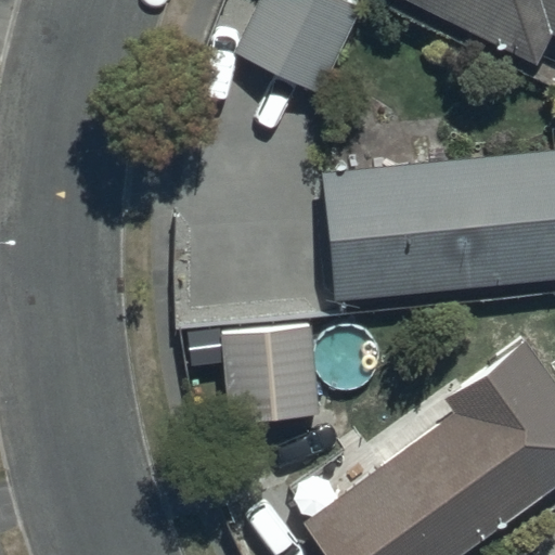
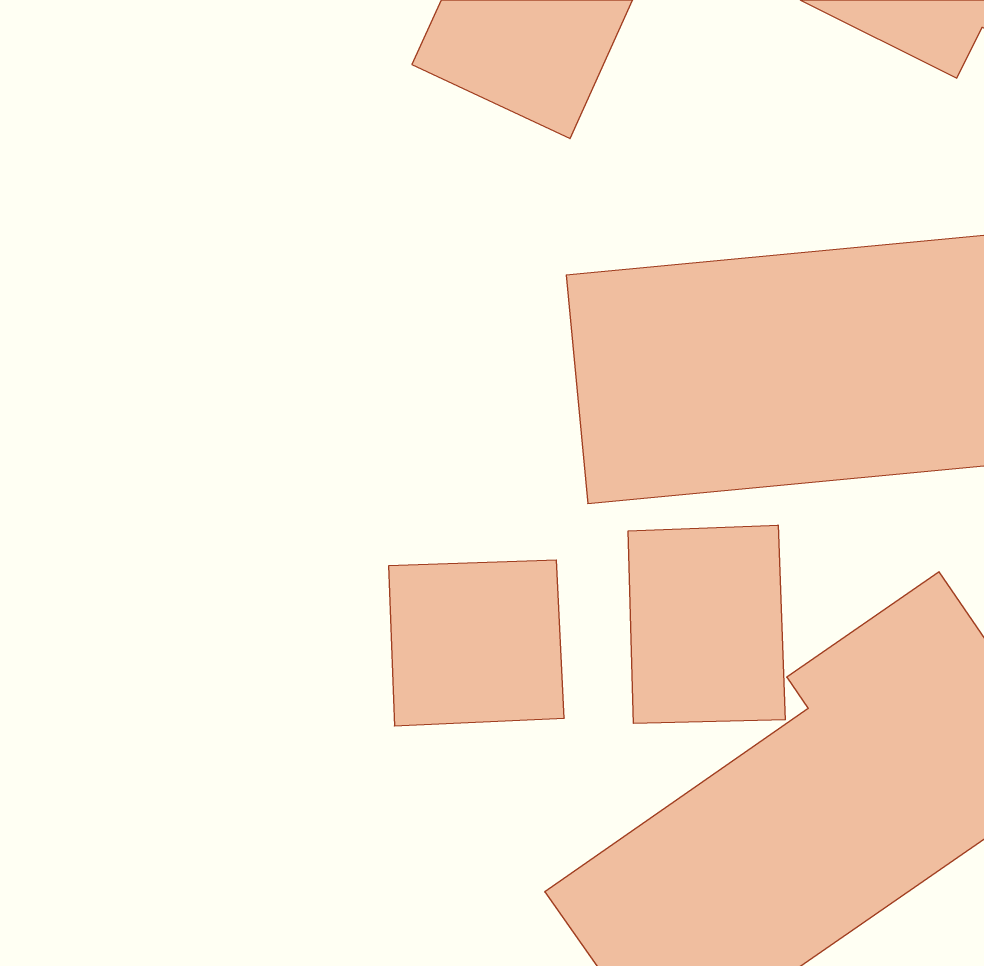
building: none -> [628,525,785,723]

